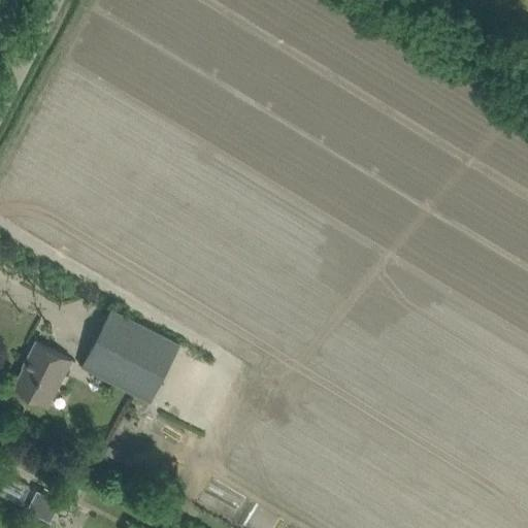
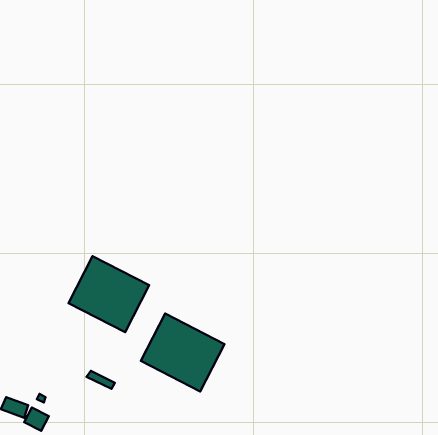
building: [13,343,72,407] -> none
building: none -> [141,313,225,391]

